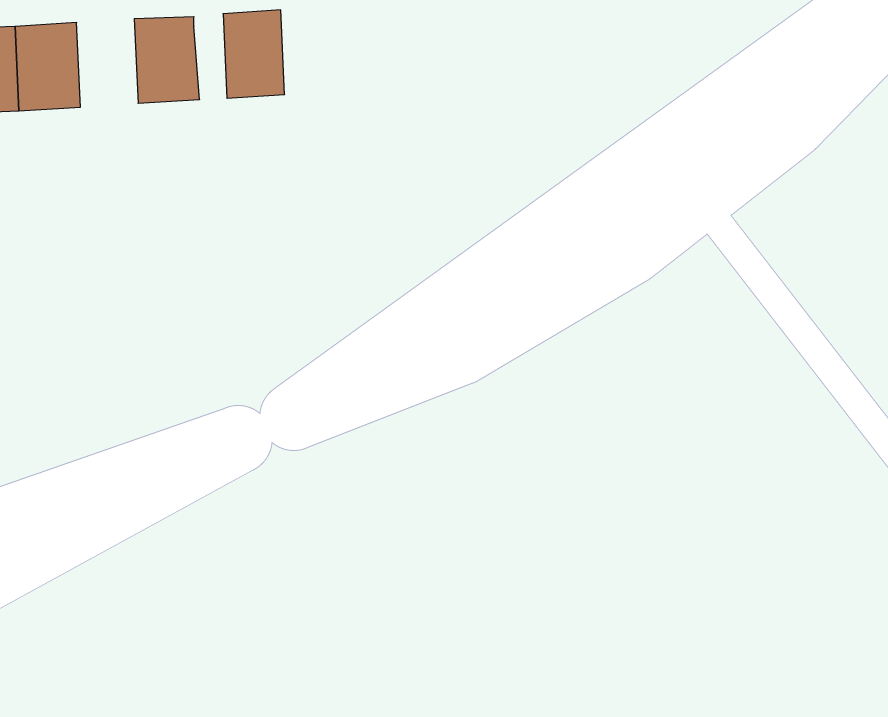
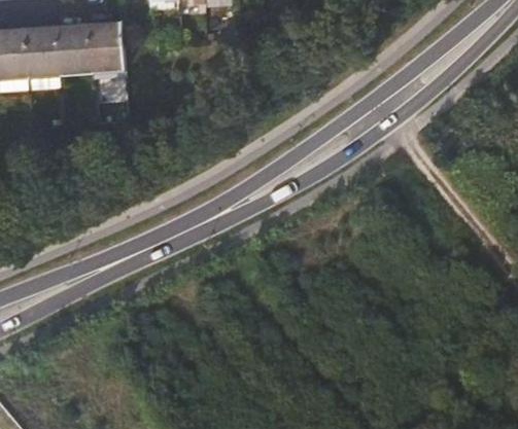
building: [223,10,285,98] -> [57,26,90,73]

